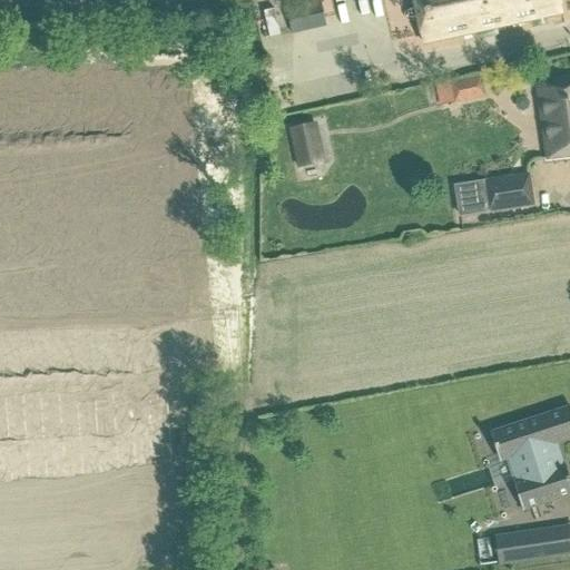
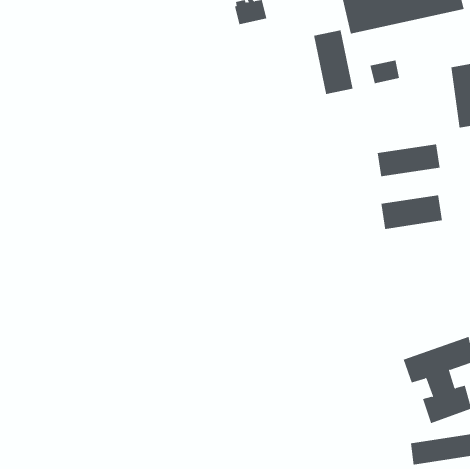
building: none -> [313,30,353,95]
building: [293,122,321,167] -> none
building: none -> [381,194,443,230]

